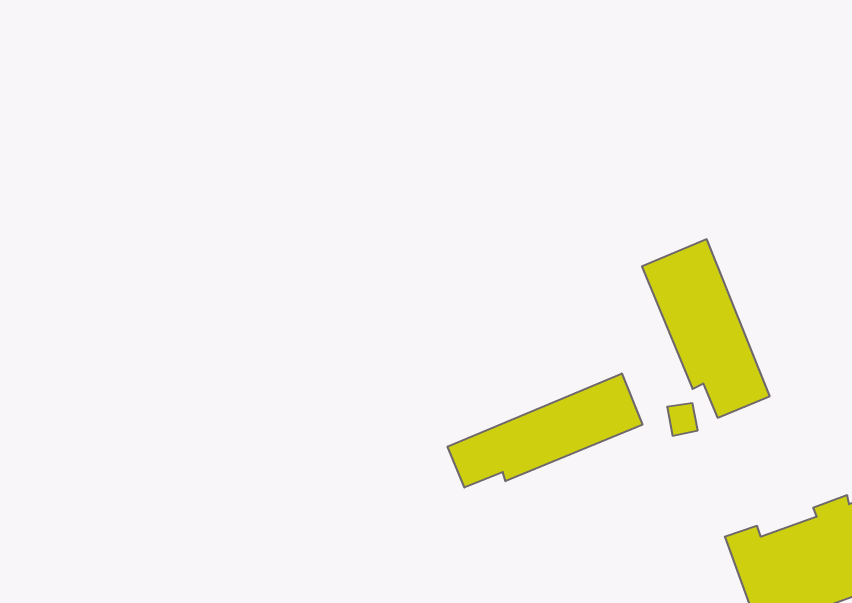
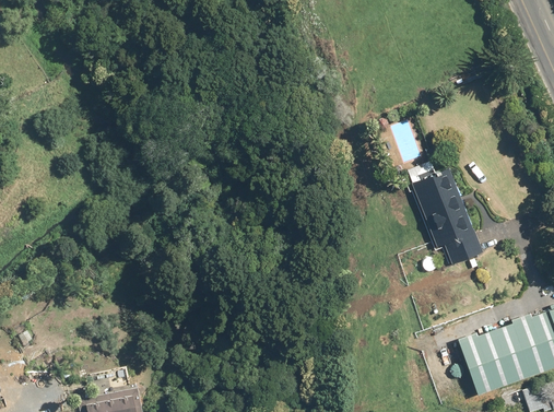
building: [448,373,642,488] -> none

